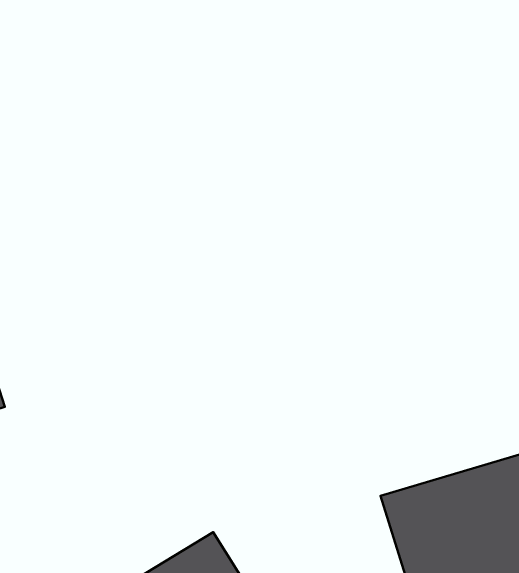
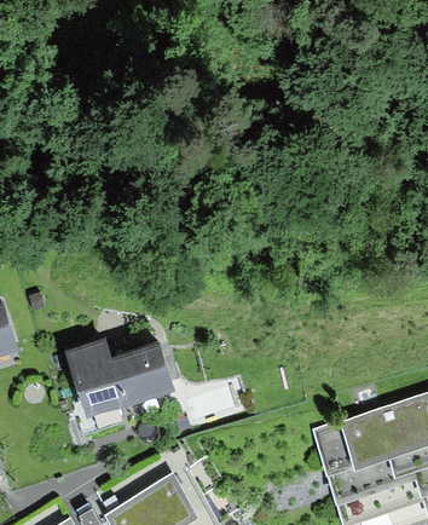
building: none -> [66,340,174,415]

